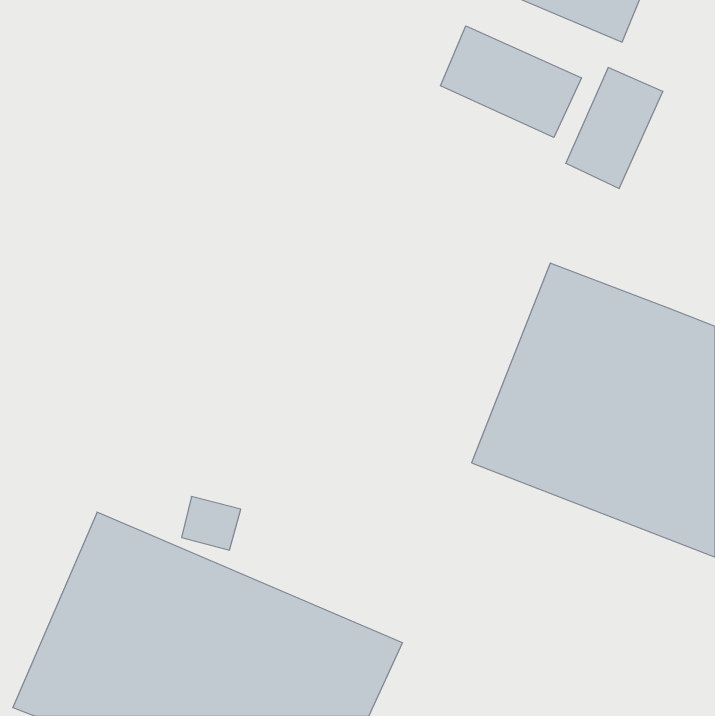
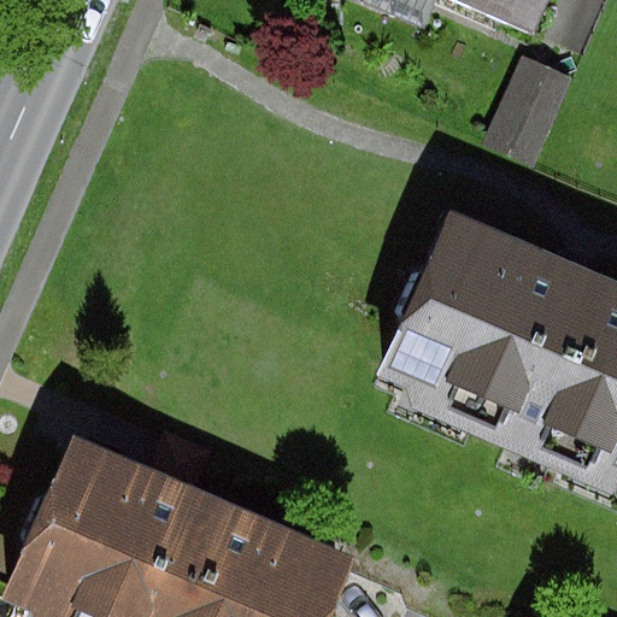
building: [441,26,581,137] -> none

